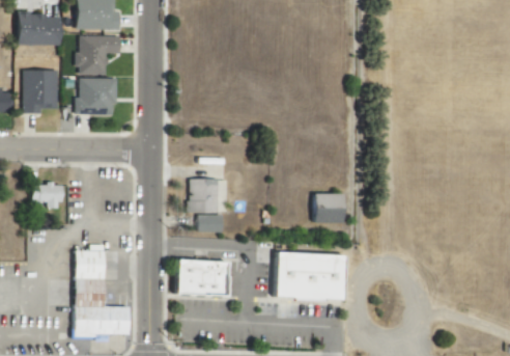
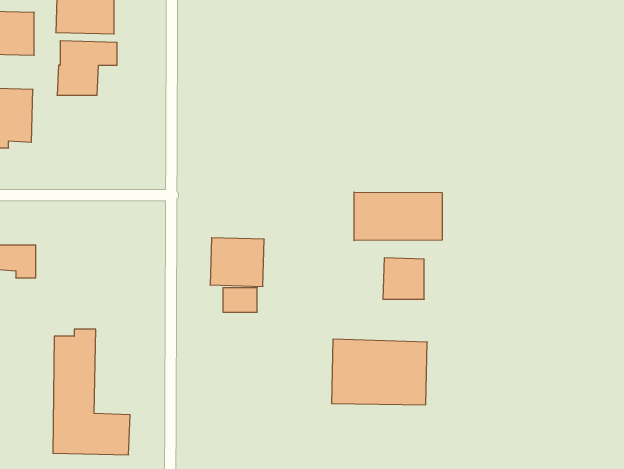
building: [75,78,117,115] -> none
building: none -> [354,192,442,241]
building: [175,259,227,296] -> none

